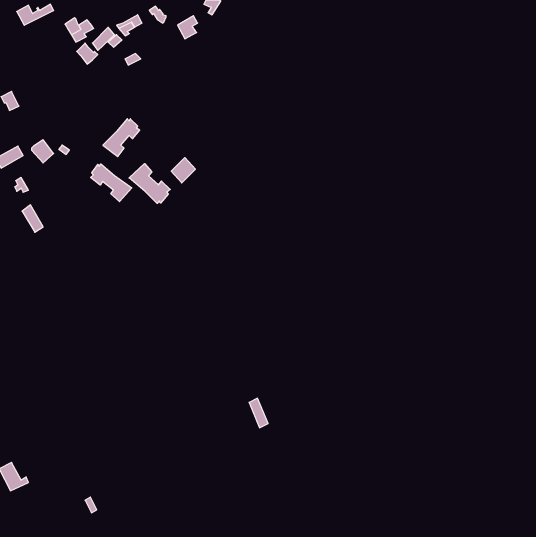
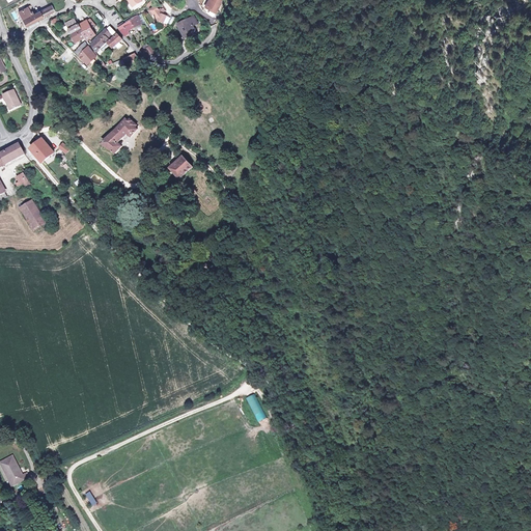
building: [129,164,170,203] -> none
building: [91,164,132,202] -> none

